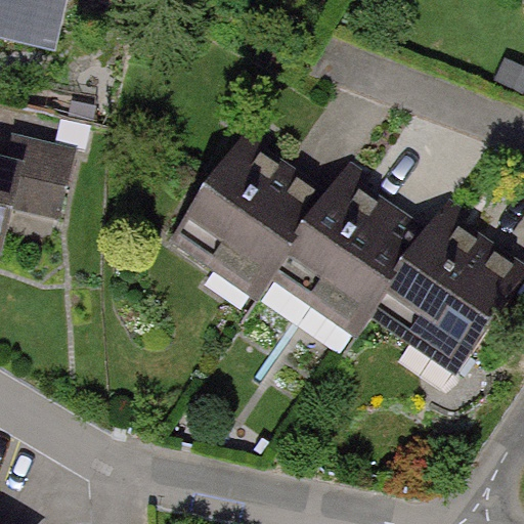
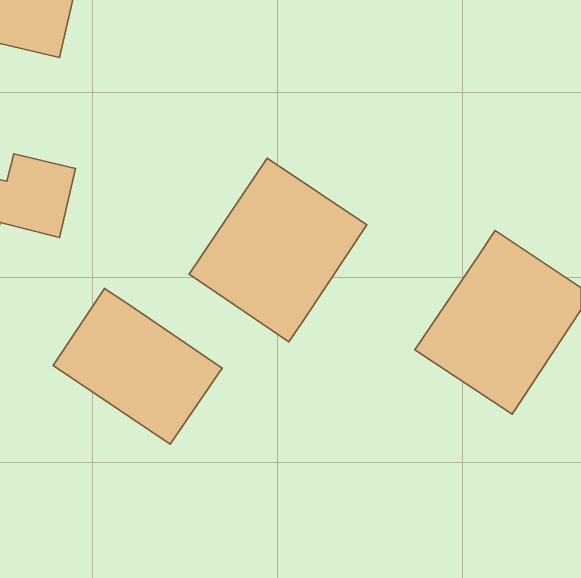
building: [271,176,426,340] -> none
building: none -> [53,288,222,444]

